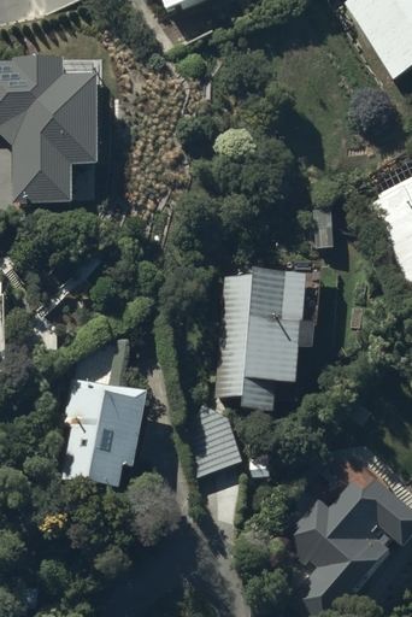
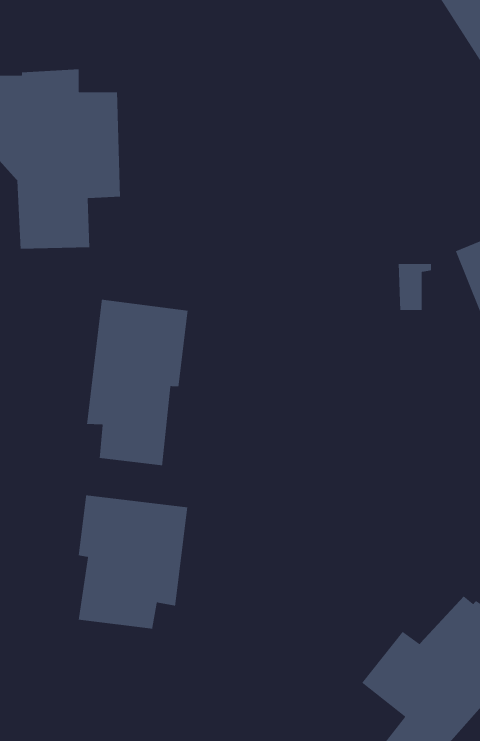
building: none -> [86,299,188,466]
building: [187,260,320,475] -> none

